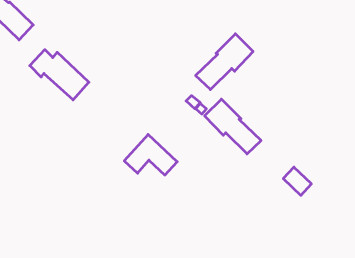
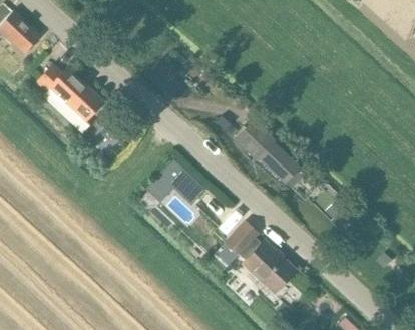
building: [196,34,253,90] -> none
building: none -> [225,221,261,258]
building: none -> [244,241,296,293]

